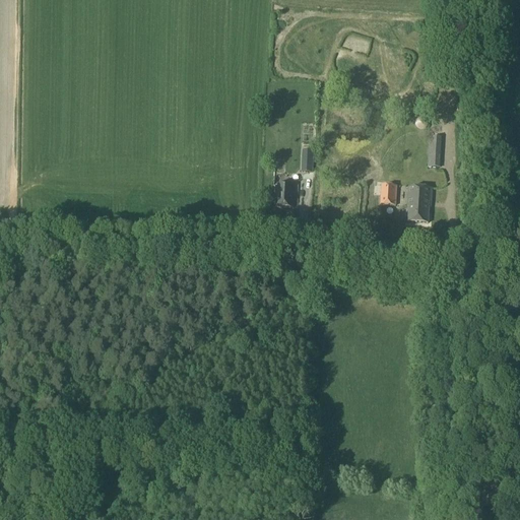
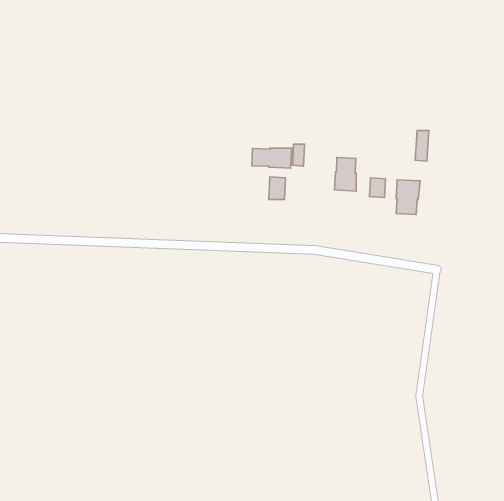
building: none -> [252,148,292,168]
building: none -> [334,158,356,191]

